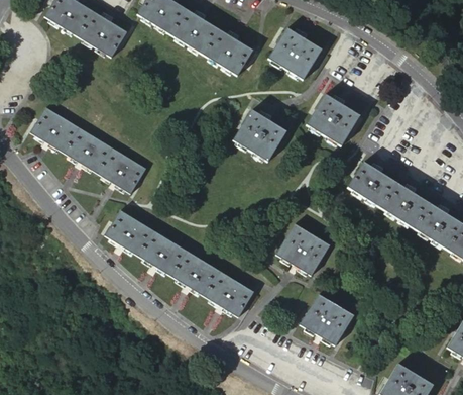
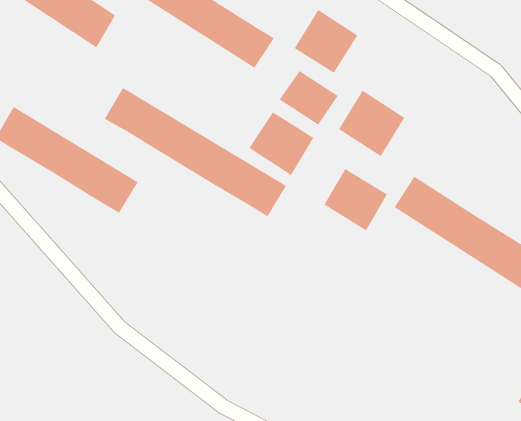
building: none -> [279,70,339,125]
building: [106,210,252,314] -> [104,87,287,217]
building: [278,229,330,280] -> [323,168,388,231]
building: [301,292,354,343] -> none

